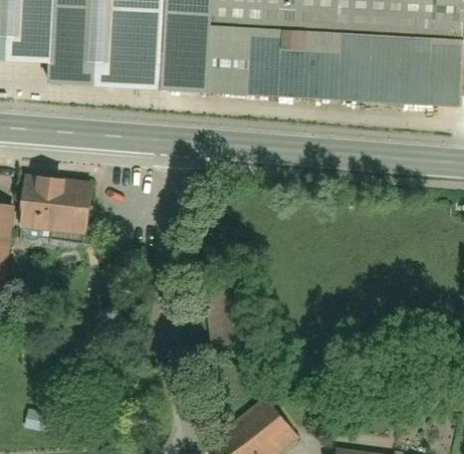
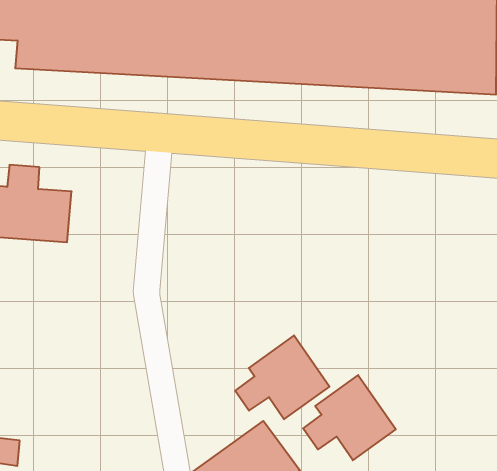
building: none -> [235,335,329,419]
building: none -> [303,375,396,460]

